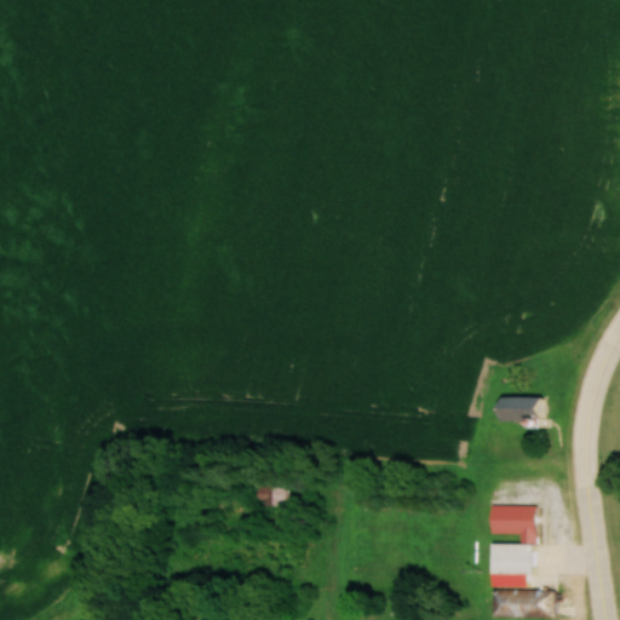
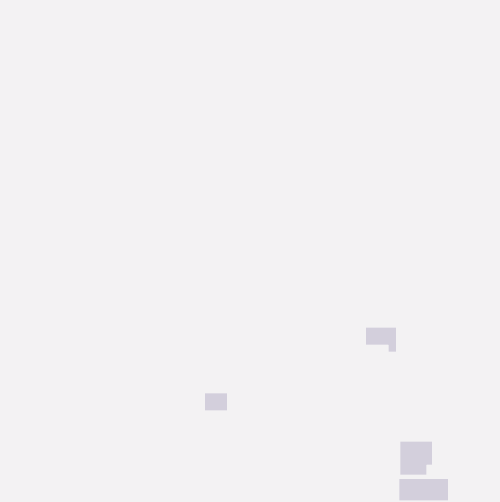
building: [503,397,541,429] -> [365,327,397,352]
building: [489,506,533,542] -> none

